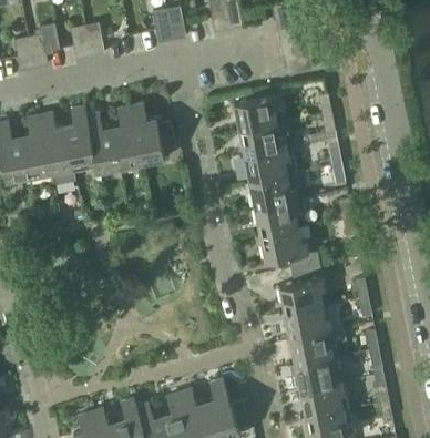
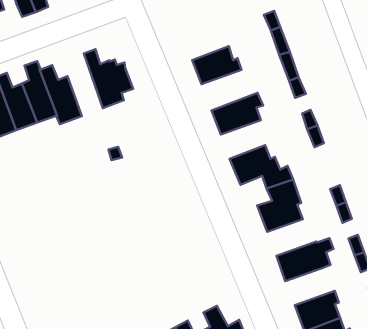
building: [233,94,278,130] -> none
building: [112,105,142,167] -> none
building: [244,147,298,183] -> none
building: [255,201,299,234] -> none
building: [285,306,332,338] -> none
building: [295,358,342,390] -> none

